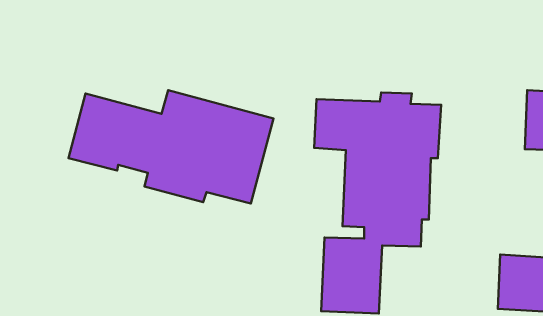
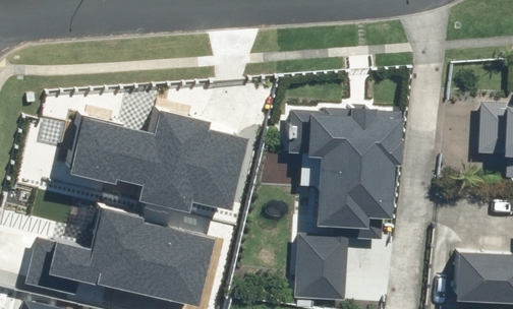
building: none -> [26,209,215,303]

